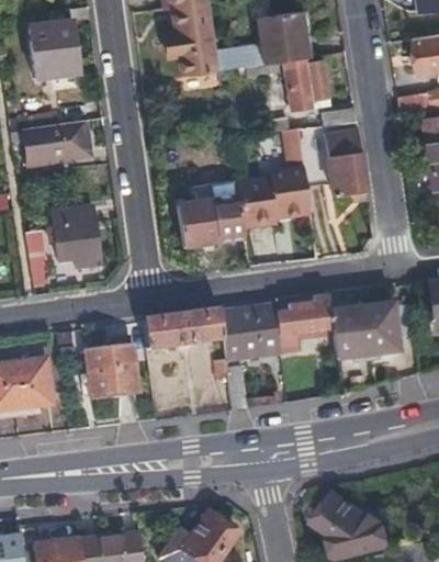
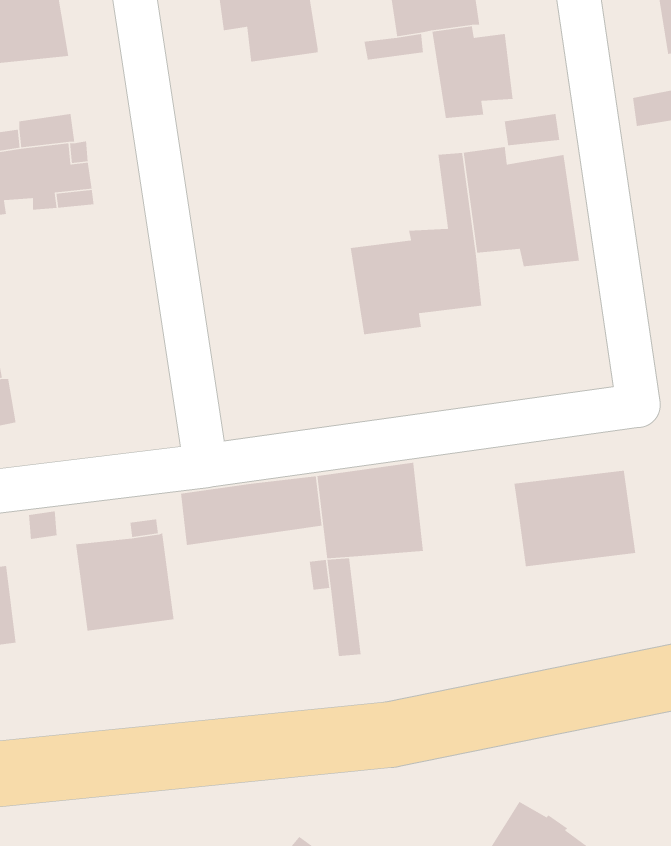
building: [178,181,246,248] -> none
building: [52,206,102,265] -> none
building: [273,295,331,352] -> none

